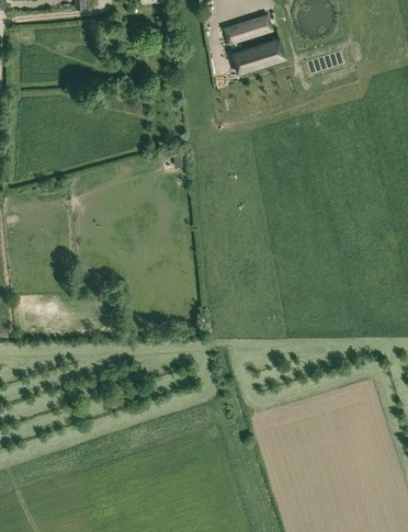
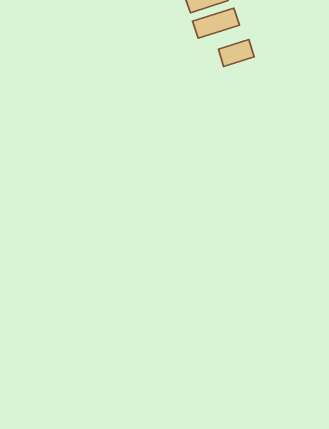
building: none -> [218,40,254,67]

